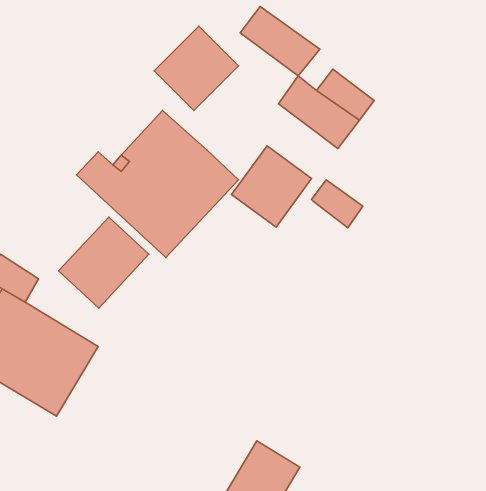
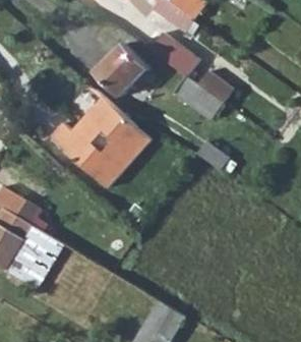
building: [232,146,312,227] -> none
building: [59,217,149,308] -> none

